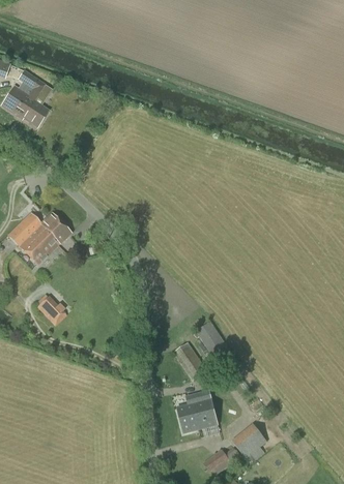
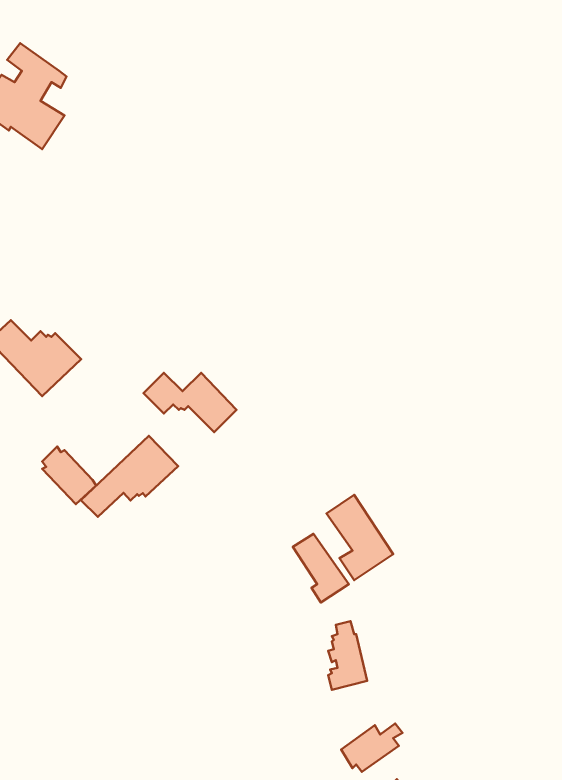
building: [19,212,70,245] -> [144,373,236,432]
building: none -> [81,436,178,517]
building: [176,393,201,432] -> none
building: [234,422,270,460] -> none

